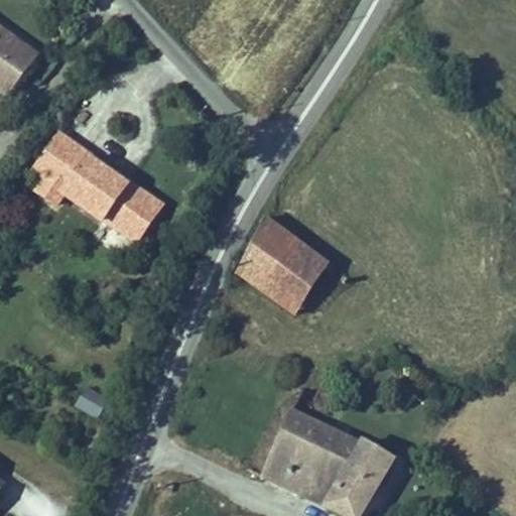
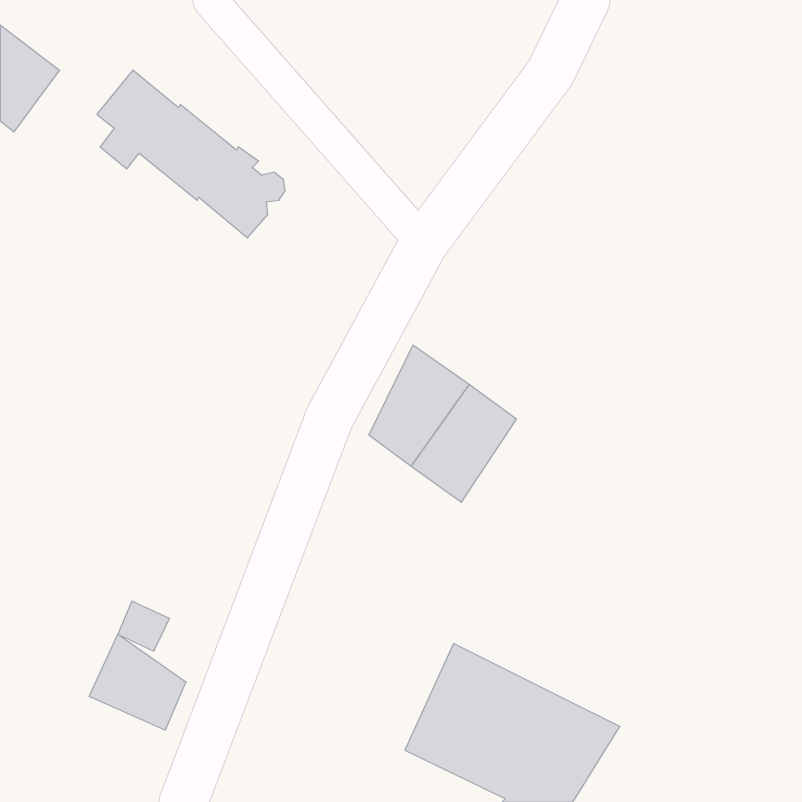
building: [37,125,158,233] -> [97,70,285,238]
building: none -> [89,634,186,730]

